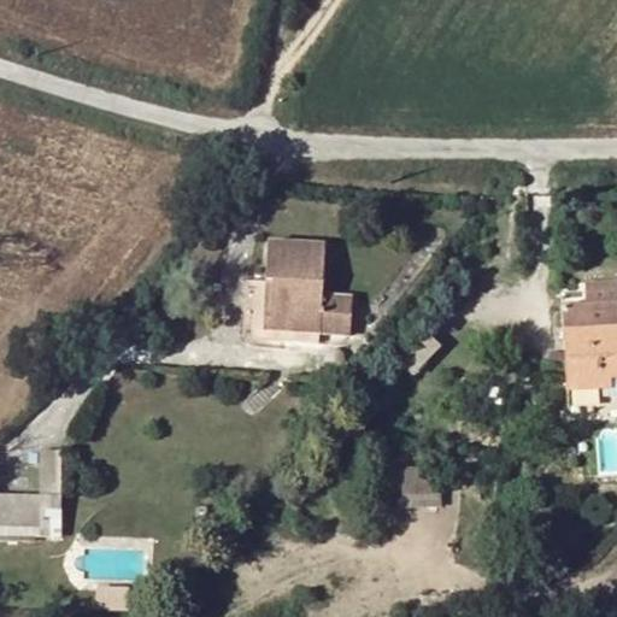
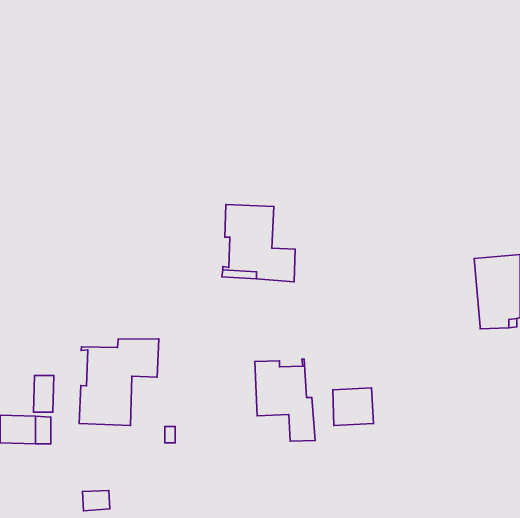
building: none -> [79,339,159,425]
building: none -> [255,359,315,441]

